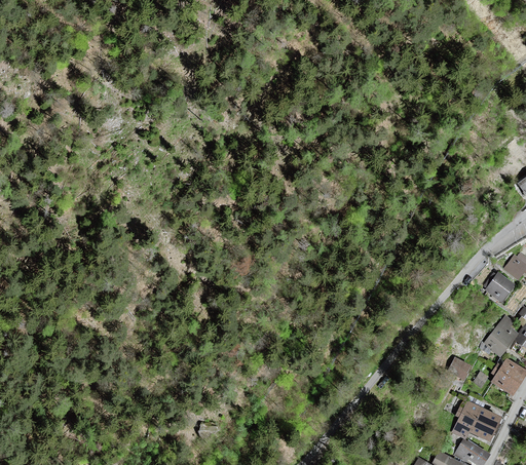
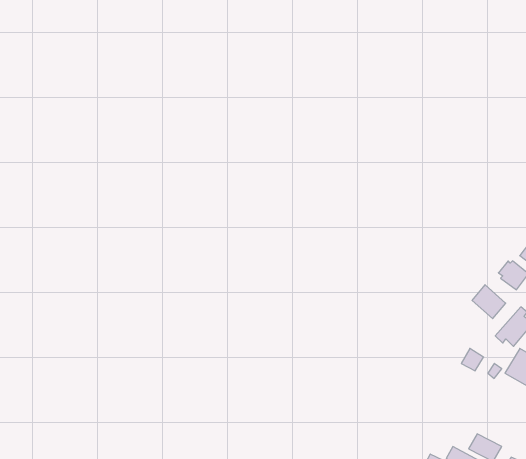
building: none -> [472,285,506,319]
building: [454,400,500,440] -> none

